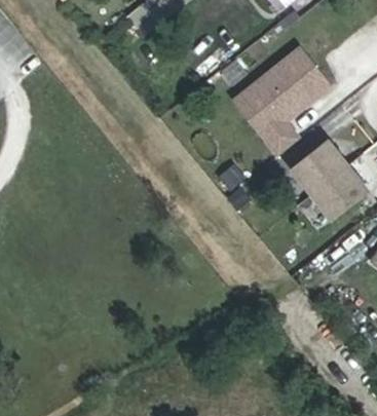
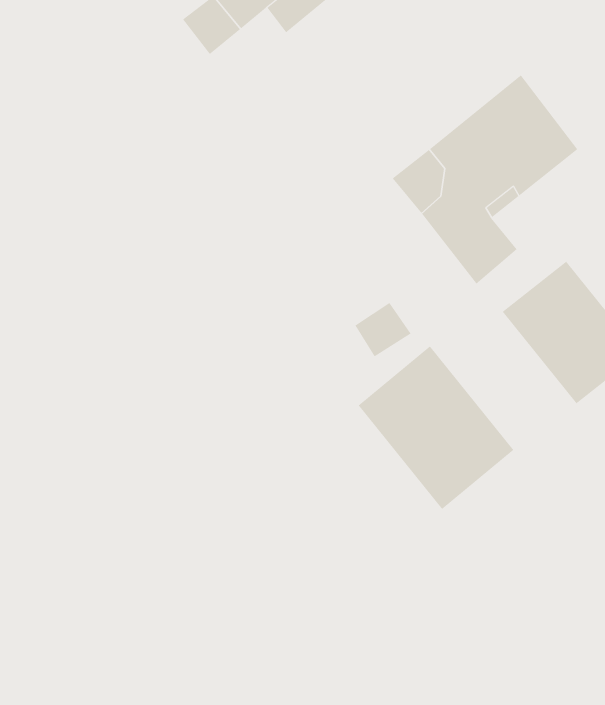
building: none -> [358,346,514,510]

